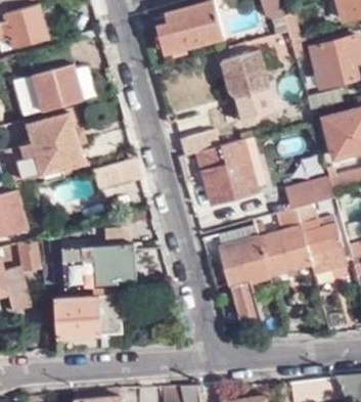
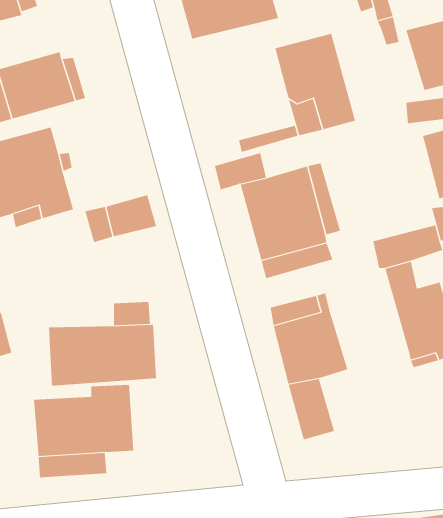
building: [257,209,310,277] -> none

